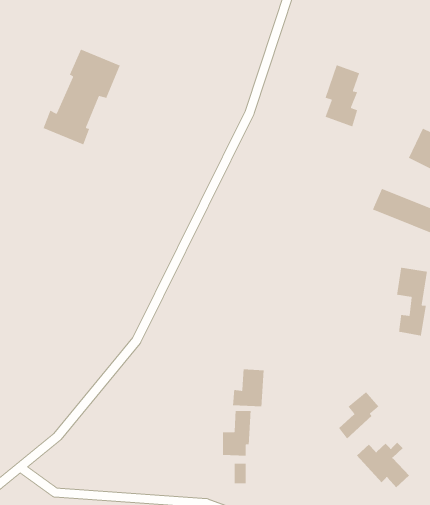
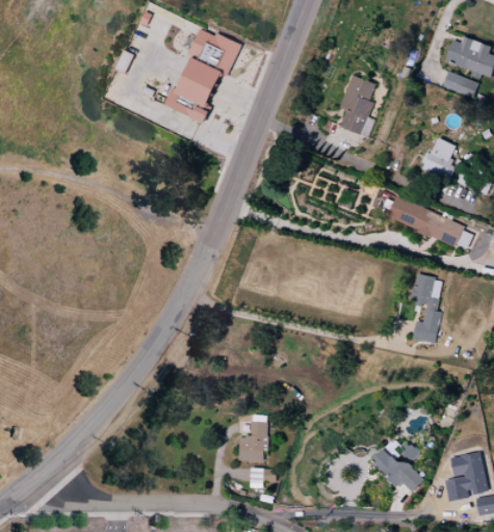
building: [43,48,121,145] -> [163,27,240,123]
building: [232,369,265,407] -> none
building: [338,391,380,439] -> none

